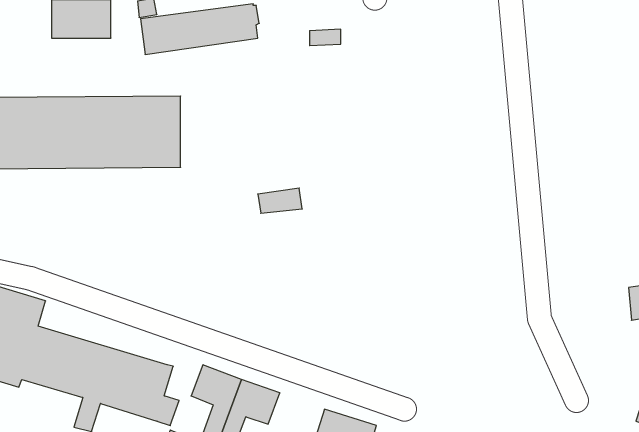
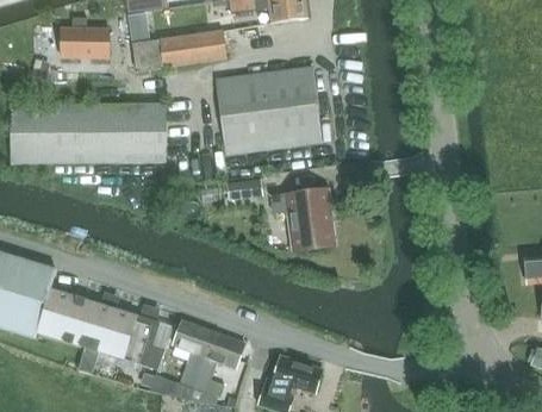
building: none -> [217,67,320,155]
building: none -> [272,189,331,251]

